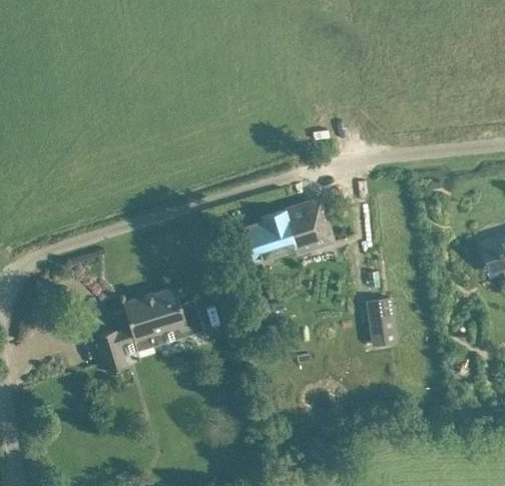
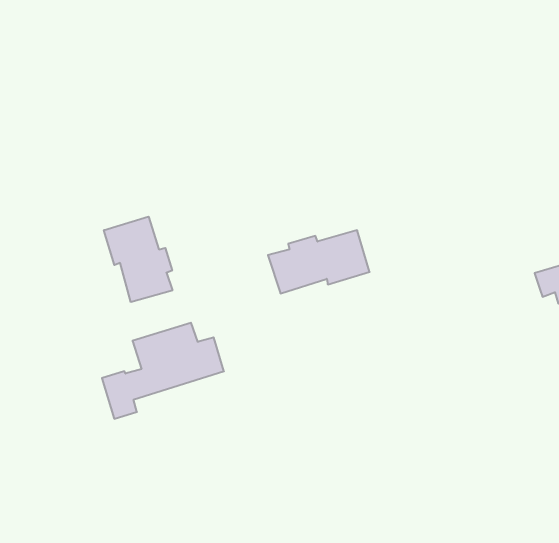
building: none -> [104,217,172,302]
building: [365,297,396,345] -> none

